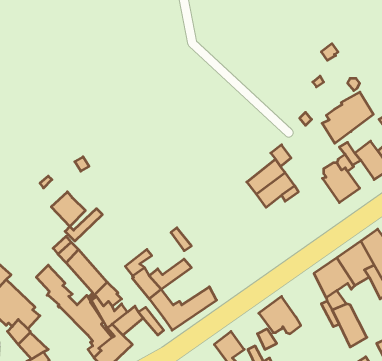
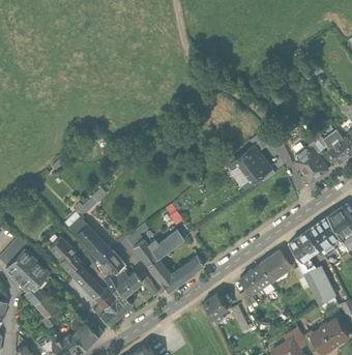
building: [322,92,373,143] -> none
building: [51,192,85,227] -> none
building: none -> [260,250,291,280]

